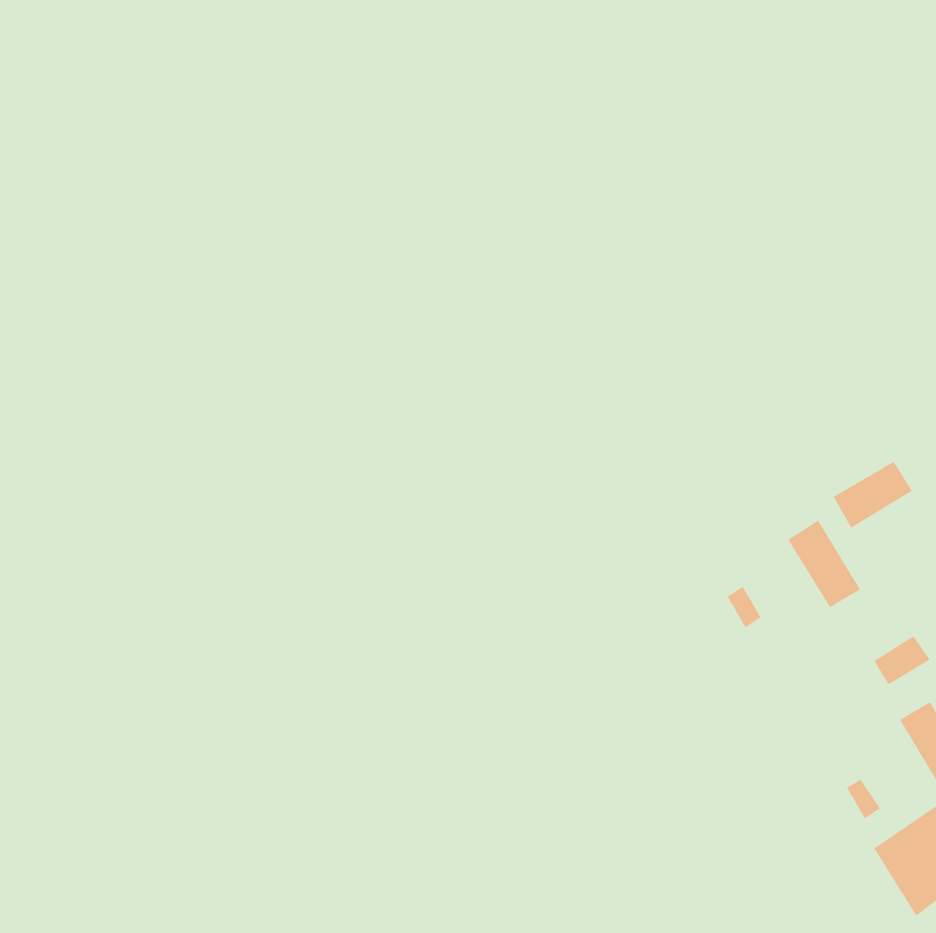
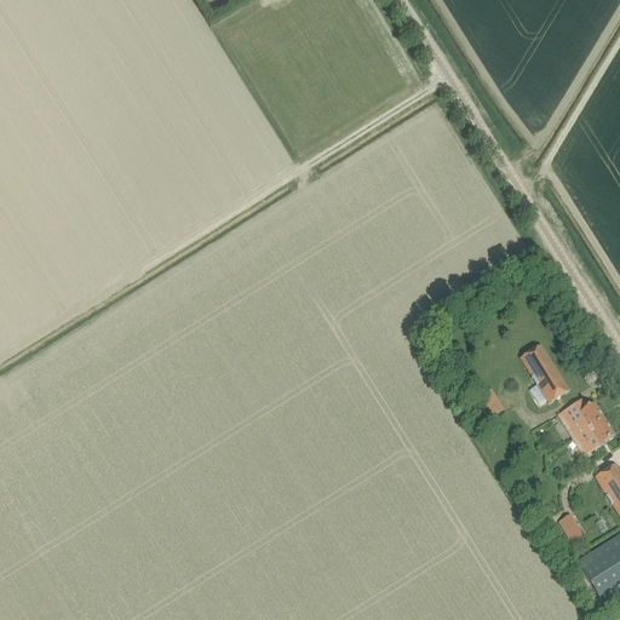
building: [833,461,913,528] -> none
building: none -> [562,397,604,436]

